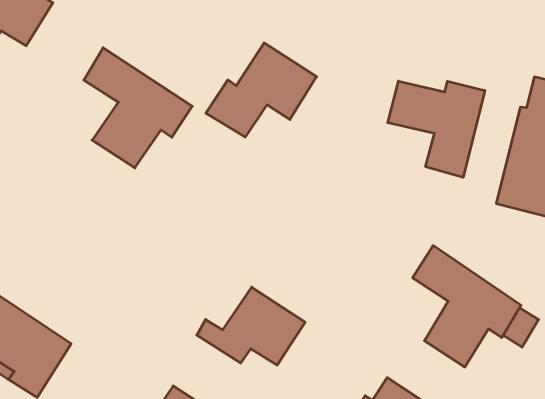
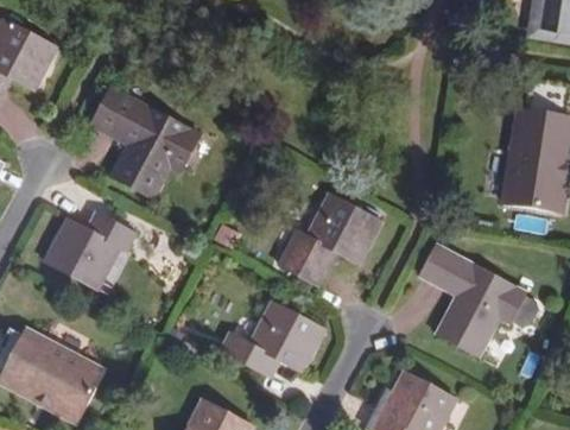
building: [206,43,317,137] -> [279,194,380,284]
building: [388,81,485,177] -> none
building: none -> [49,215,138,287]

